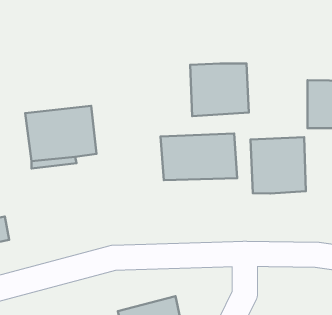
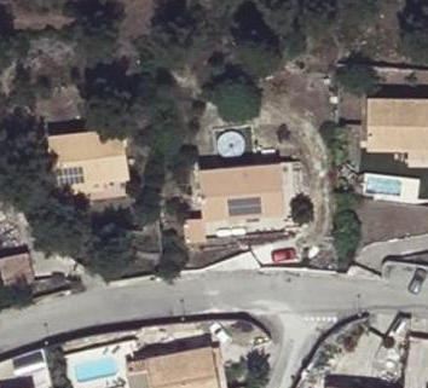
building: [190,63,249,116] -> none
building: [250,137,306,193] -> none

